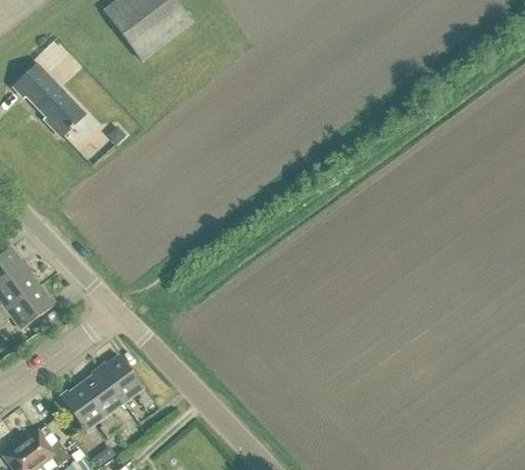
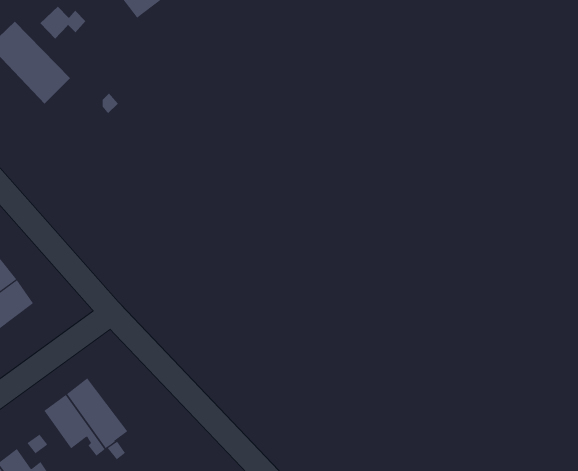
building: none -> [40,6,86,39]
building: [98,354,153,407] -> none

